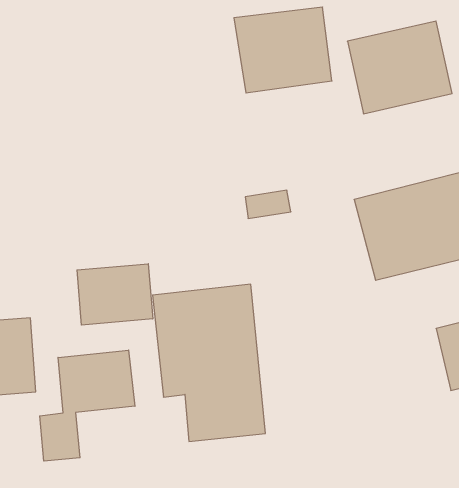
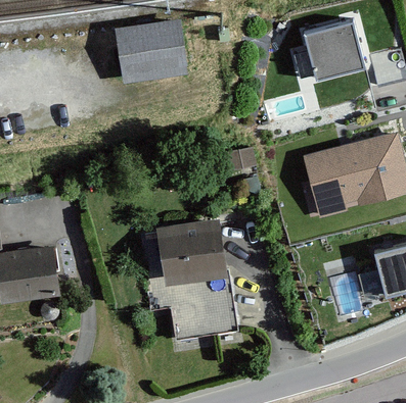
building: [234,7,332,93] -> [120,21,194,87]
building: [77,264,153,325] -> none
building: [40,350,135,461] -> none

